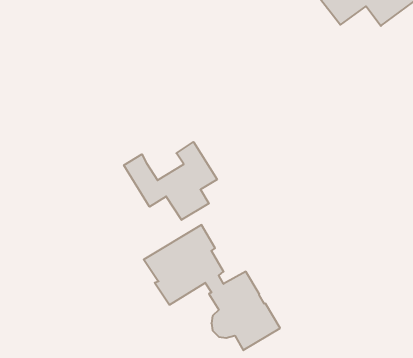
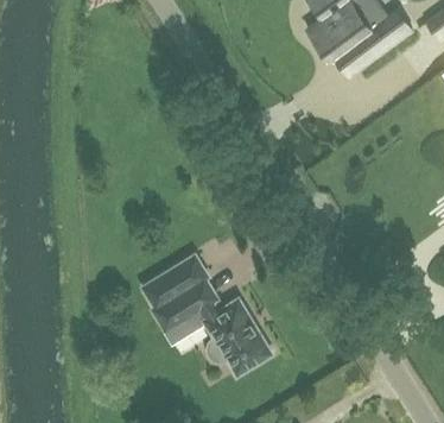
building: [124,142,217,220] -> none

